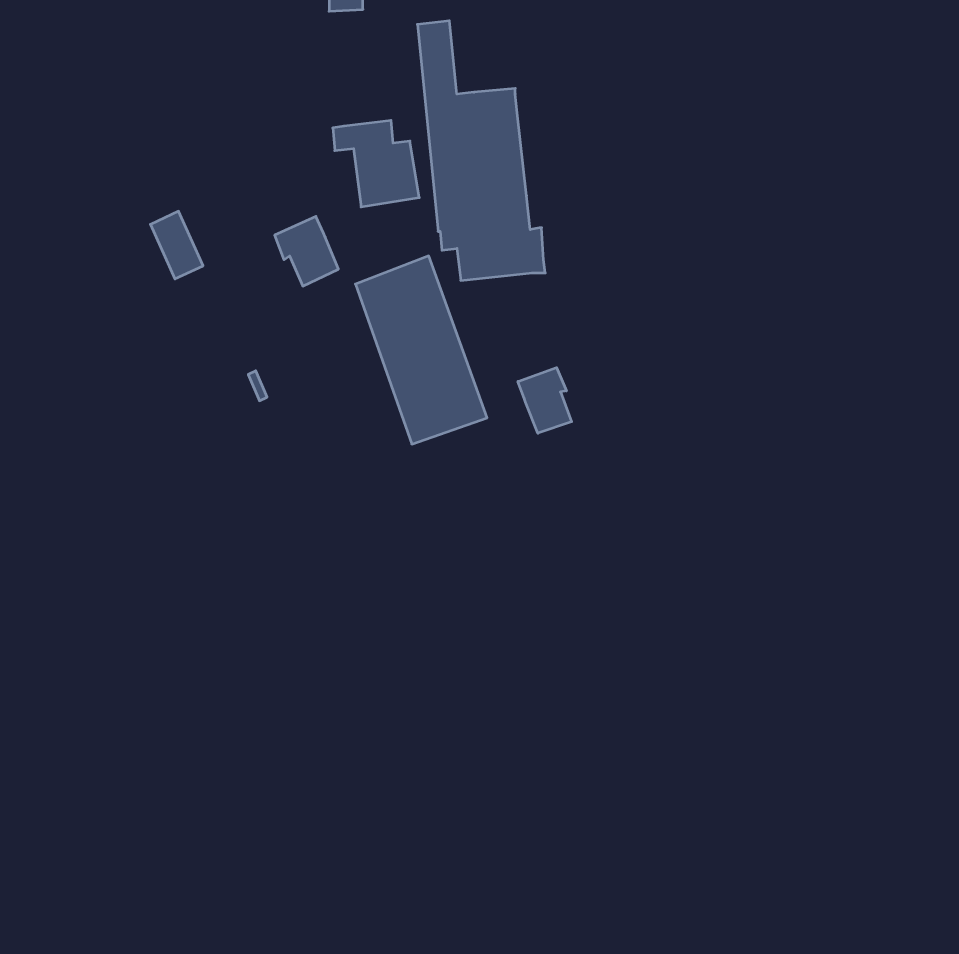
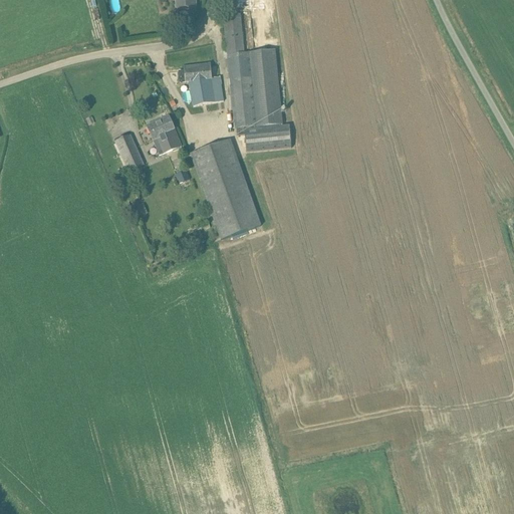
building: [150,211,203,279] -> [114,133,143,169]
building: [518,368,572,433] -> none

